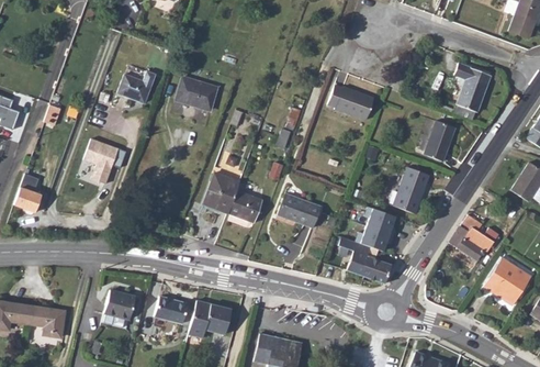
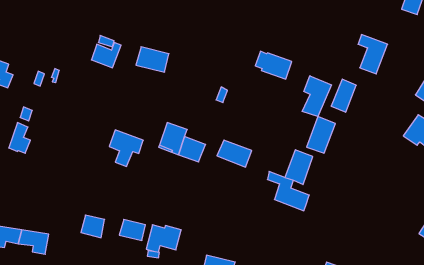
building: none -> [302,76,332,117]
building: [83,138,126,185] -> [109,130,143,166]
building: [450,215,500,260] -> none
building: [485,258,531,304] -> none

